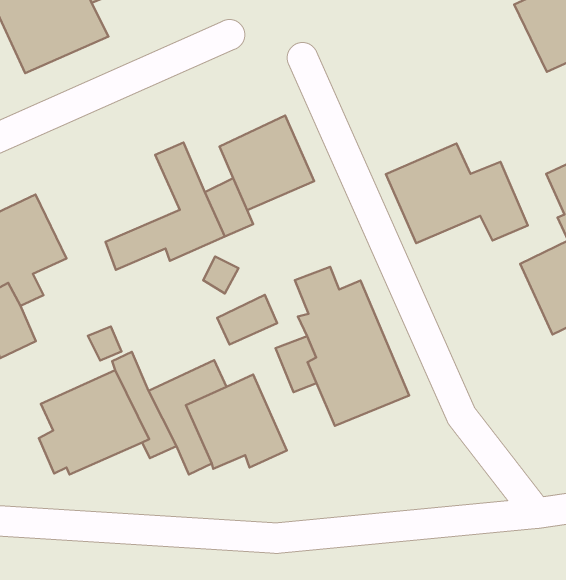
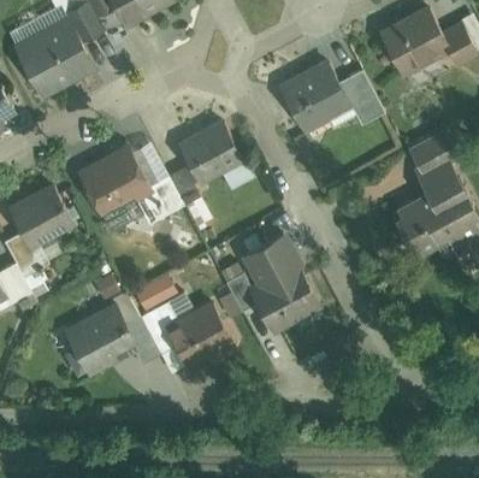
building: [386,144,528,243] -> [283,58,384,129]
building: none -> [76,144,153,217]
building: [217,295,277,344] -> [135,273,177,309]

